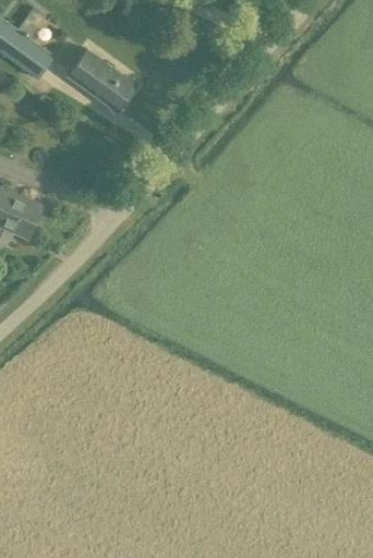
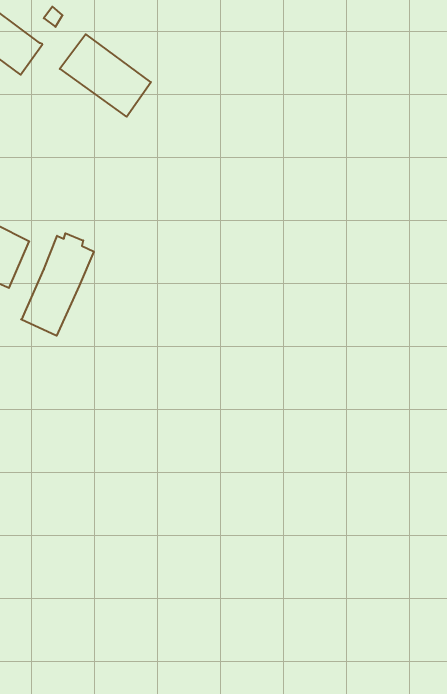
building: none -> [21,233,94,336]

